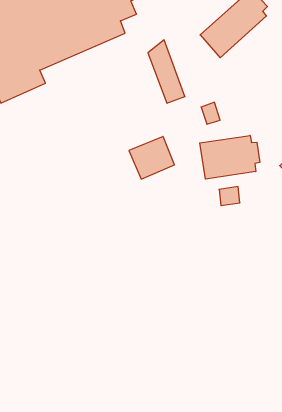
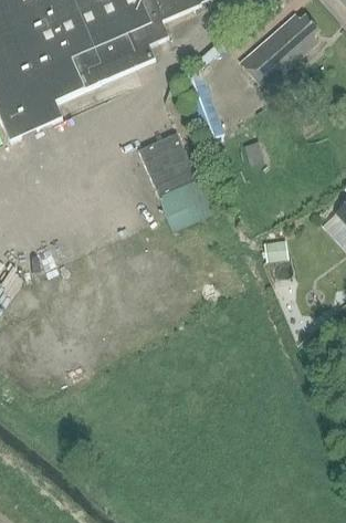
building: none -> [139,129,199,195]
building: [200,135,260,179] -> none

